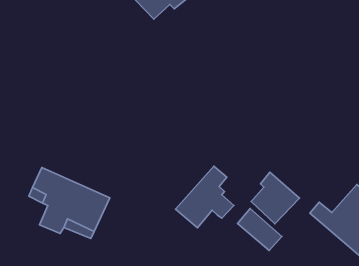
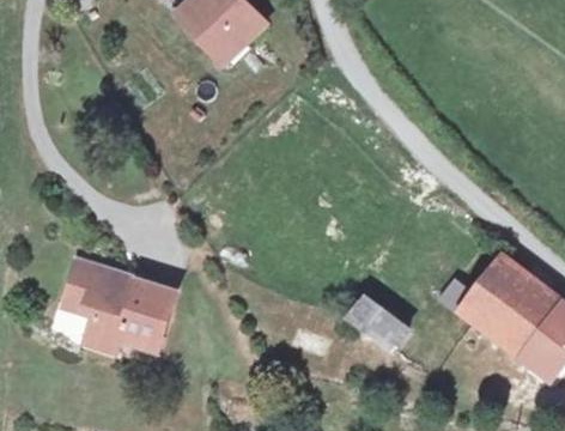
building: [176,166,234,228] -> none
building: [251,172,299,224] -> none

